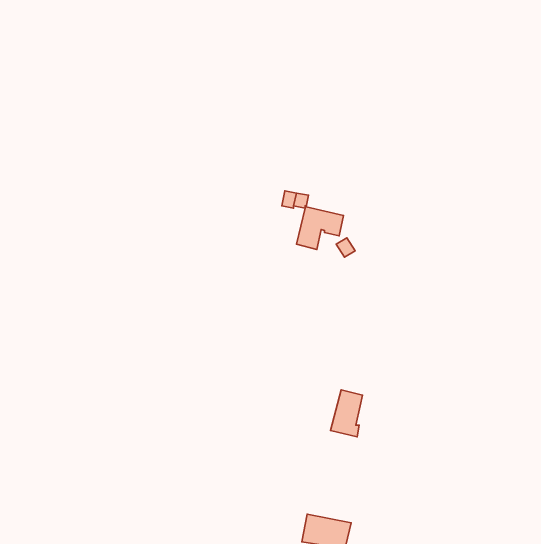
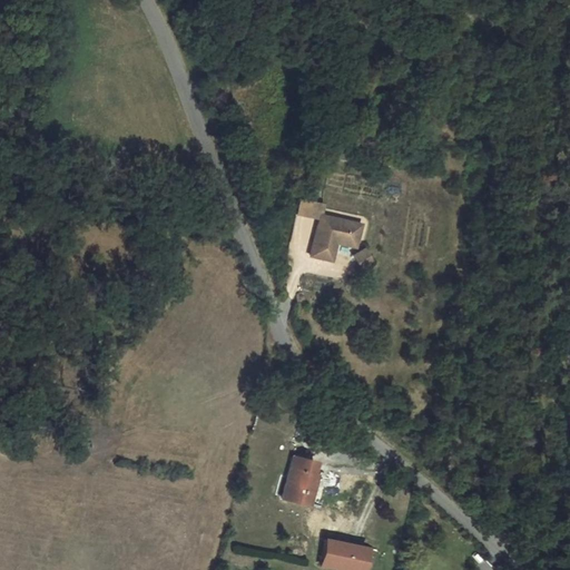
building: [330,390,362,437] -> [285,458,318,507]

